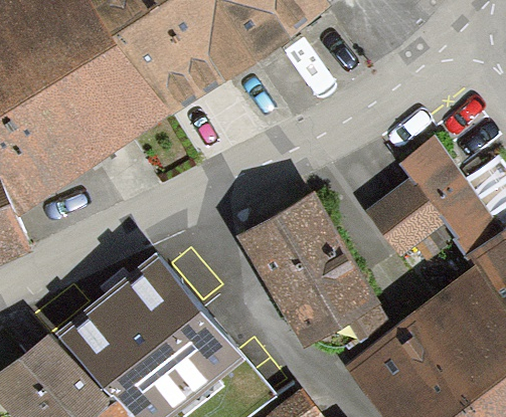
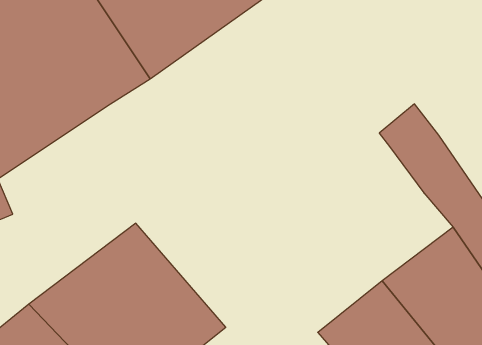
building: [366,180,444,260] -> none
building: [236,184,382,343] -> none

